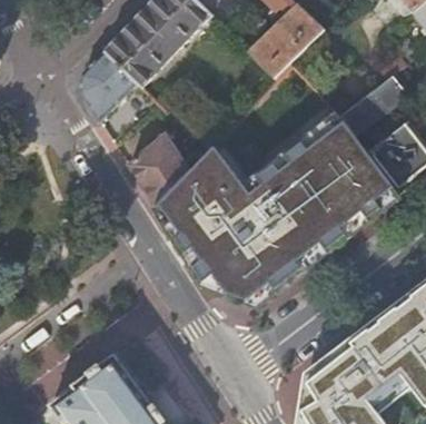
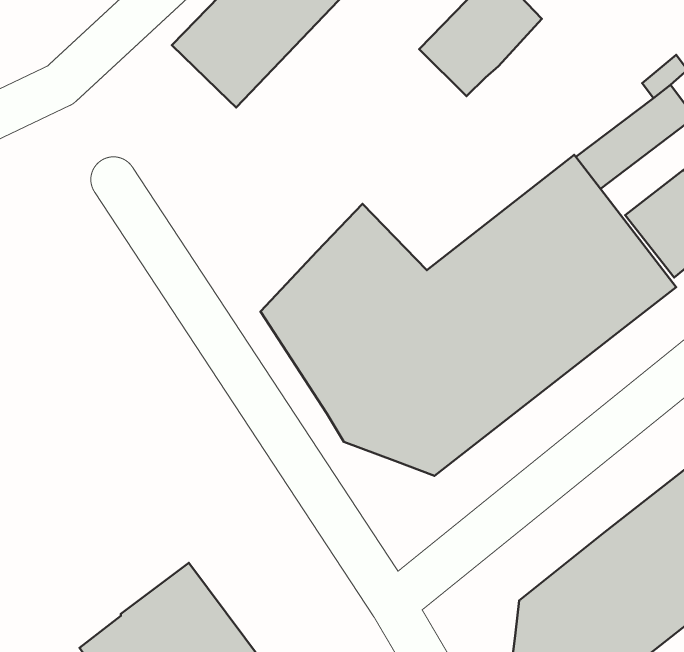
building: [81,48,137,119] -> none
building: [129,131,189,205] -> none

